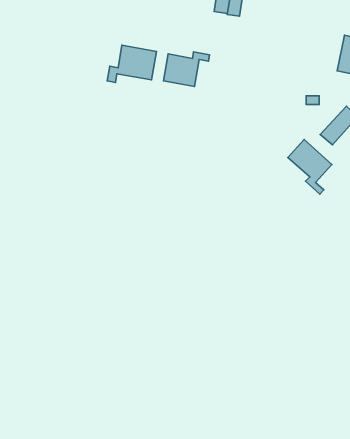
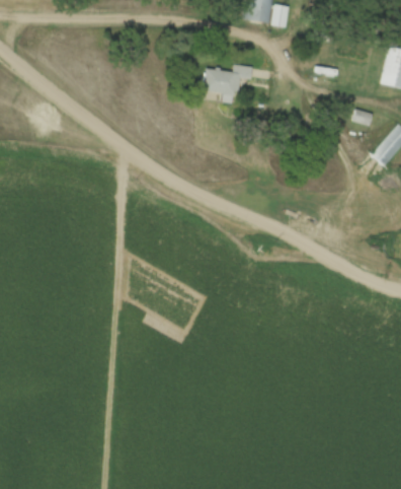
building: [107,45,156,82] -> none
building: [288,140,332,194] -> none

